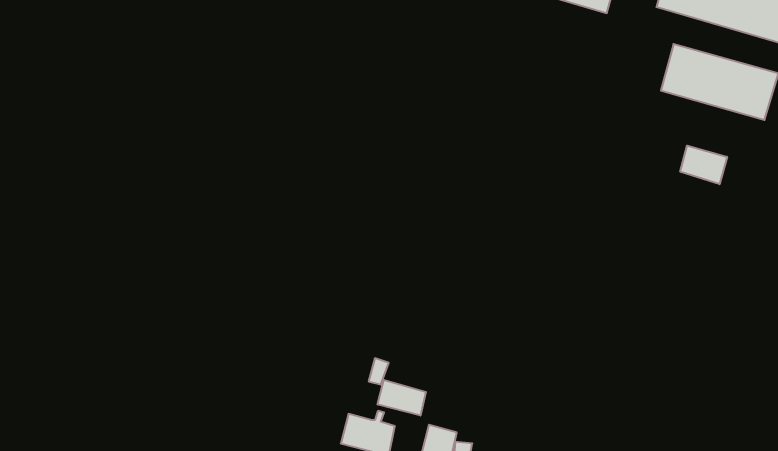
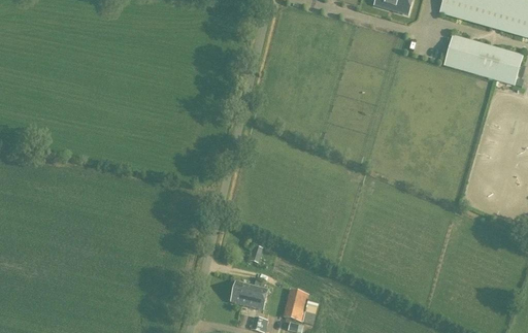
building: [680,146,727,184] -> none
building: [378,380,426,416] -> none

